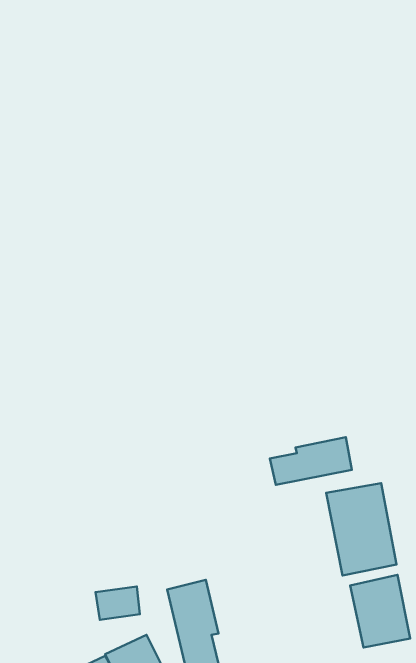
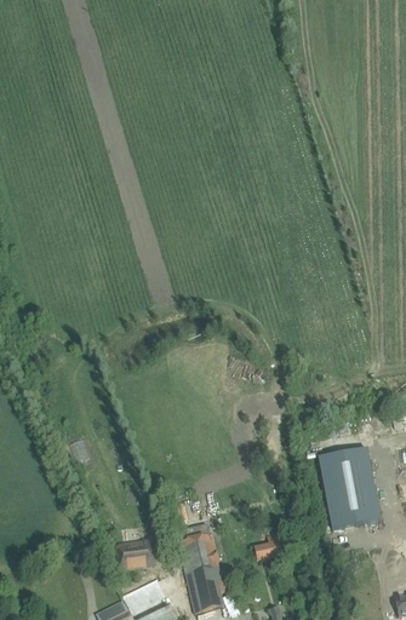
building: [270,437,352,485] -> none
building: [350,575,410,648] -> none

